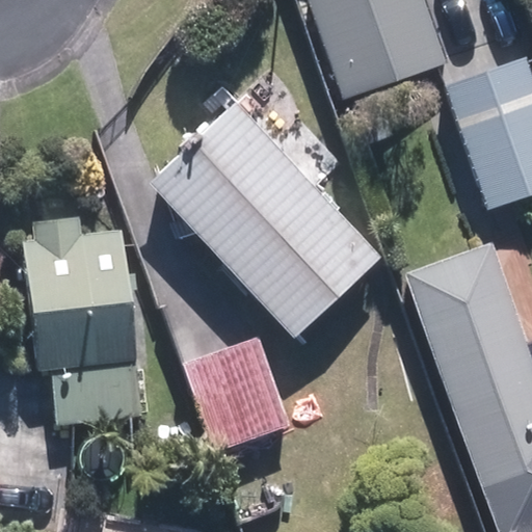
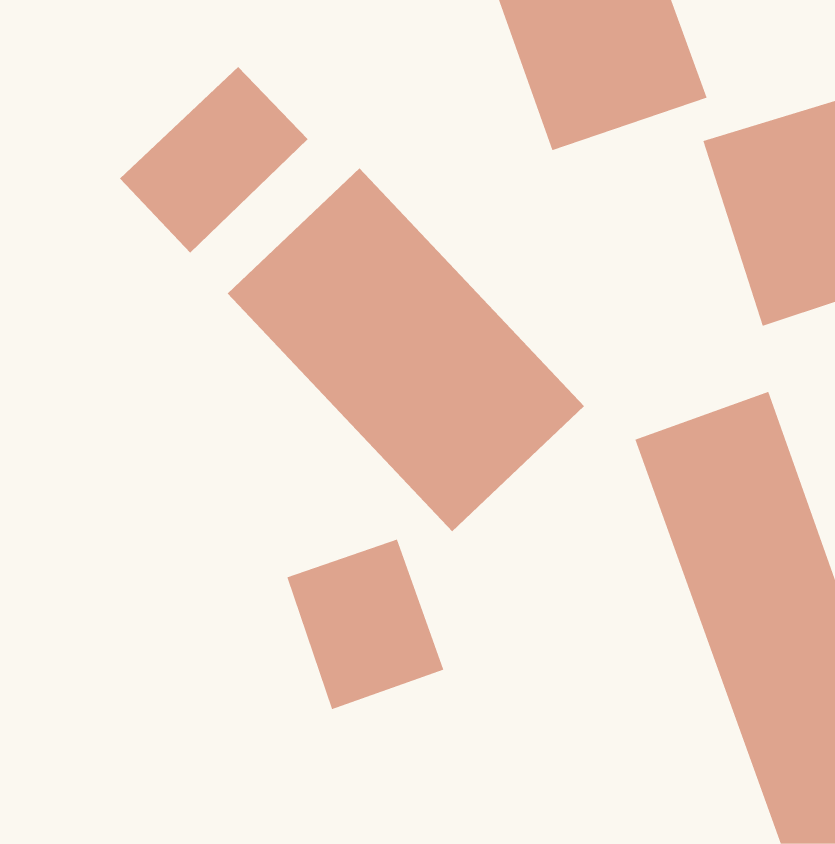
building: none -> [119,66,309,253]
building: [25,217,143,423] -> none

